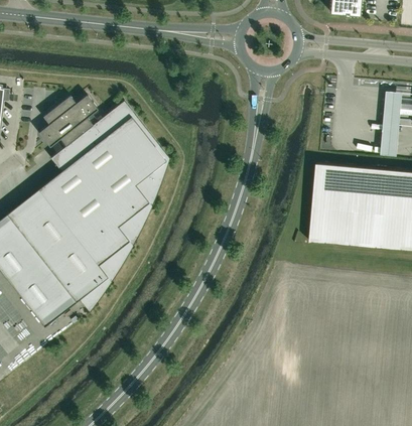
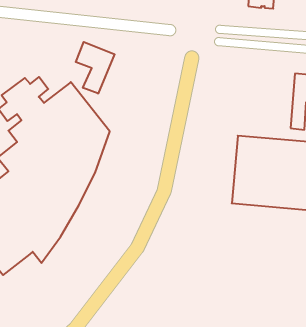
building: none -> [76,42,115,94]

